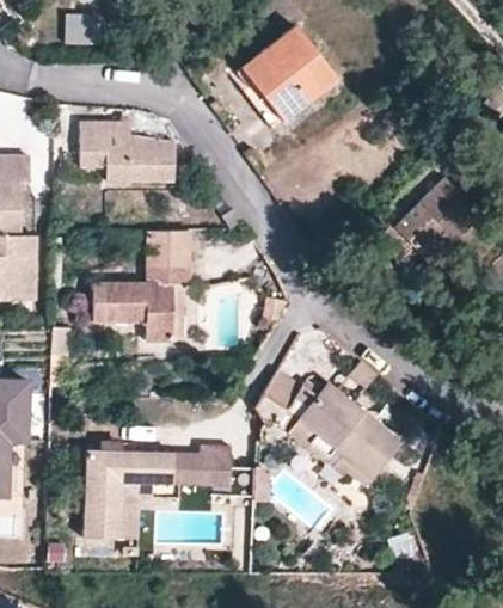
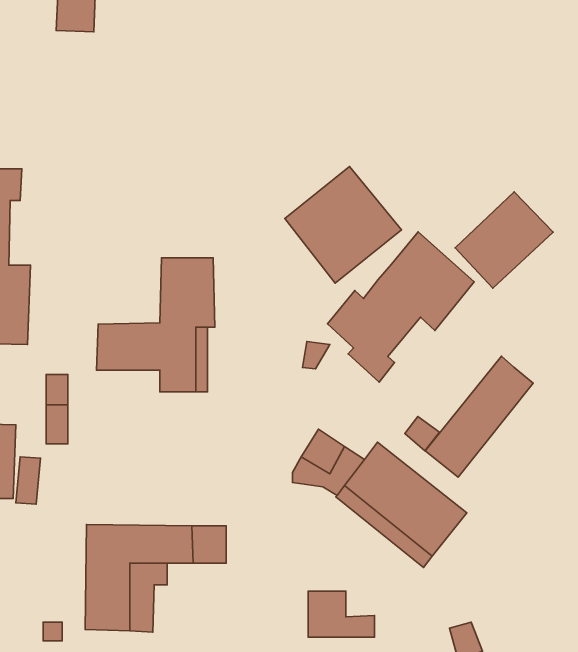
building: [241,26,338,123] -> [285,167,401,283]
building: [80,123,177,185] -> none
building: none -> [327,232,474,382]
building: none -> [425,356,533,477]
building: [201,446,256,484] -> [308,591,375,637]

